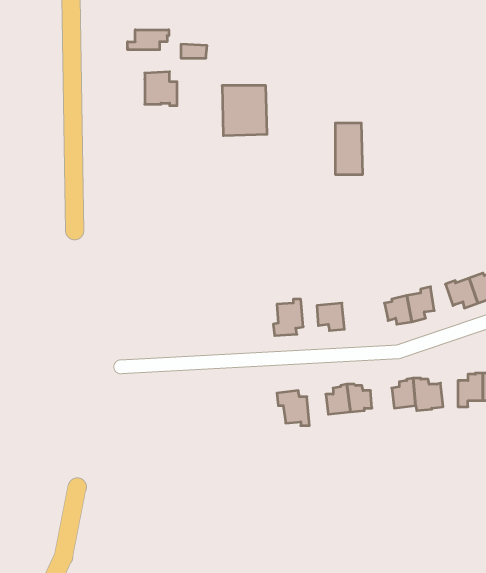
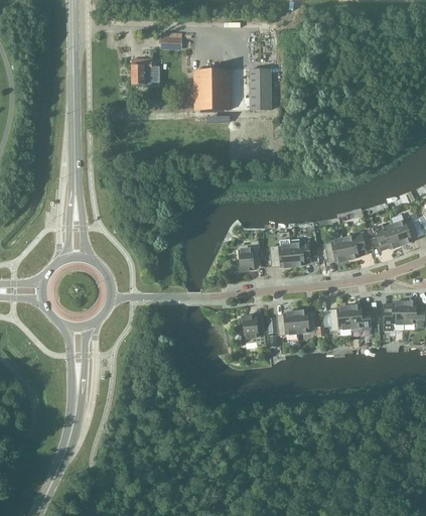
building: [128,30,169,50] -> none
building: [335,123,363,174] -> [251,69,273,110]
building: none -> [292,240,311,266]

